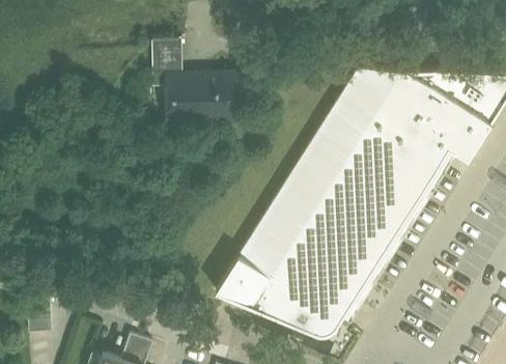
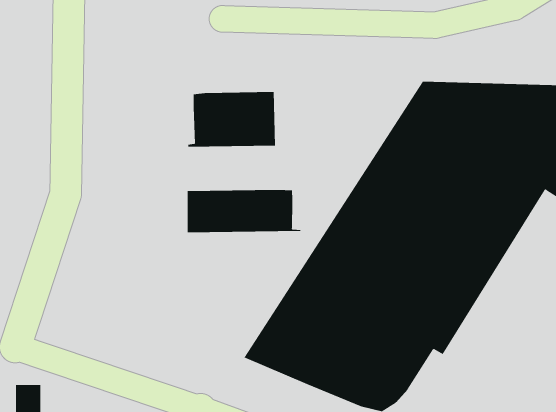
building: [151,41,181,91] -> none
building: none -> [187,189,301,233]

